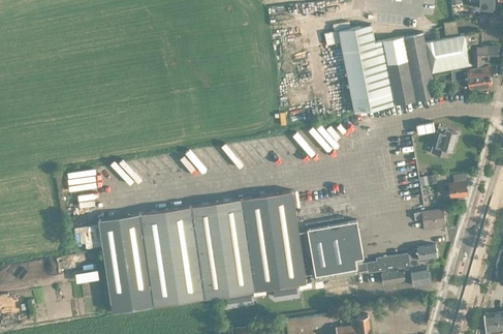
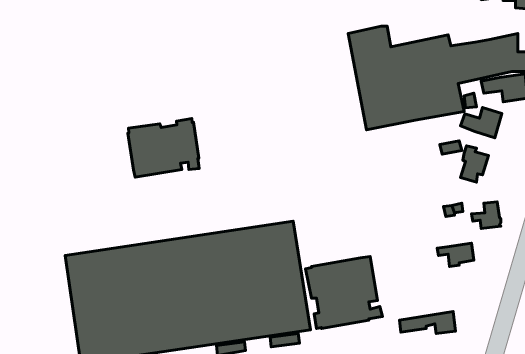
building: none -> [461,107,502,138]
building: none -> [128,119,199,177]
building: [365,245,436,274] -> none

